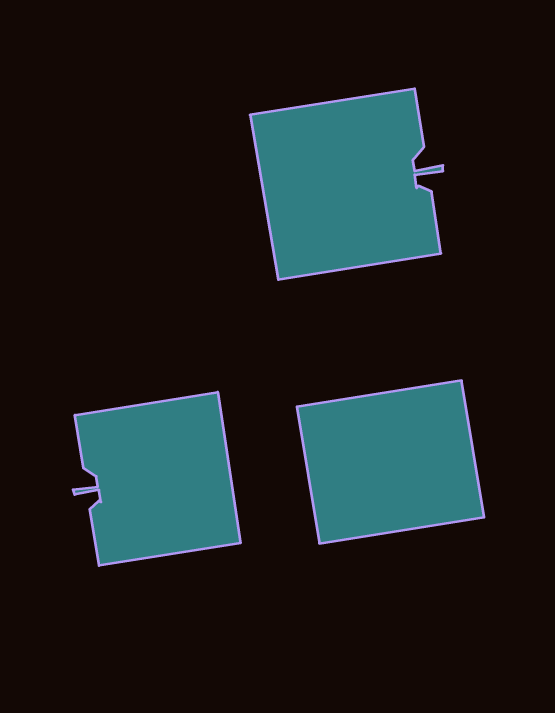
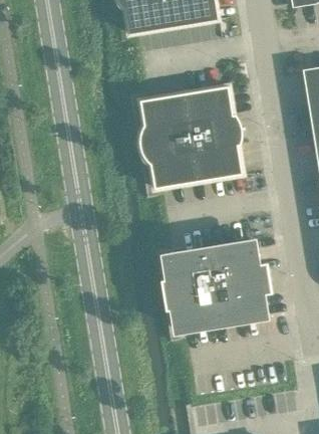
building: [73,392,240,566] -> none

